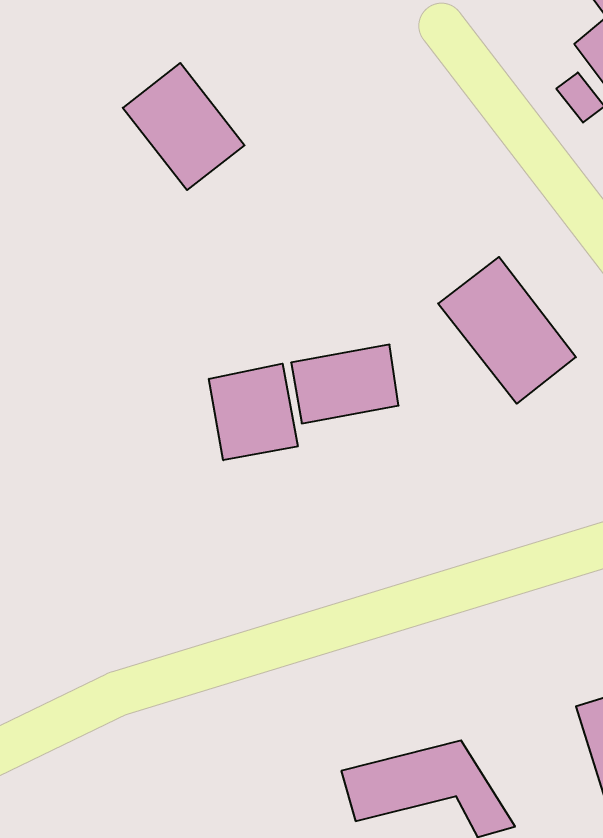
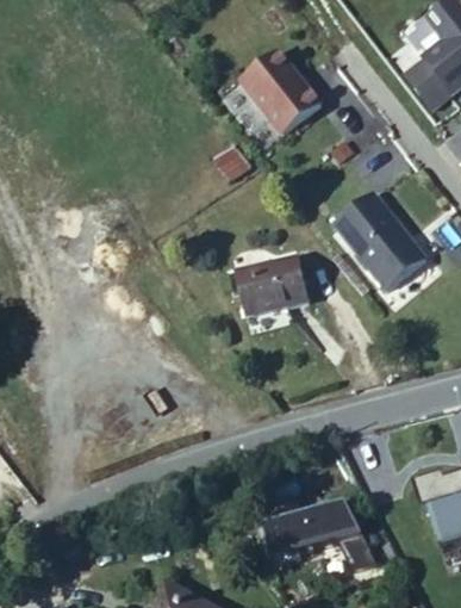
building: [123,63,245,190] -> [238,49,319,134]
building: [209,364,298,460] -> none

